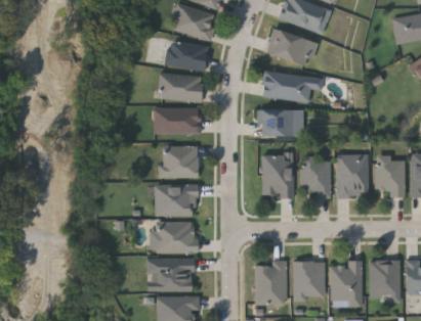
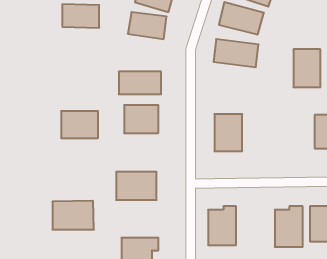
building: [160,74,202,100] -> [62,4,99,28]
building: [258,109,297,135] -> none
building: [337,153,368,196] -> [293,49,320,87]
building: [302,157,331,197] -> none
building: [155,184,197,215] -> [61,111,98,138]
building: [148,258,195,290] -> [52,201,94,230]
building: [294,261,326,300] -> none

